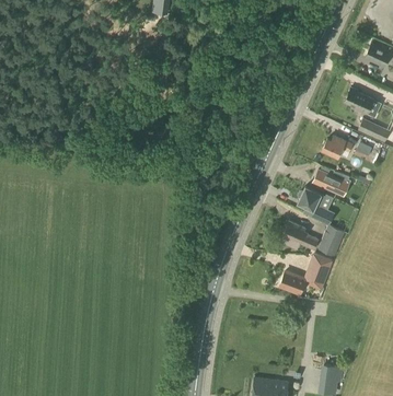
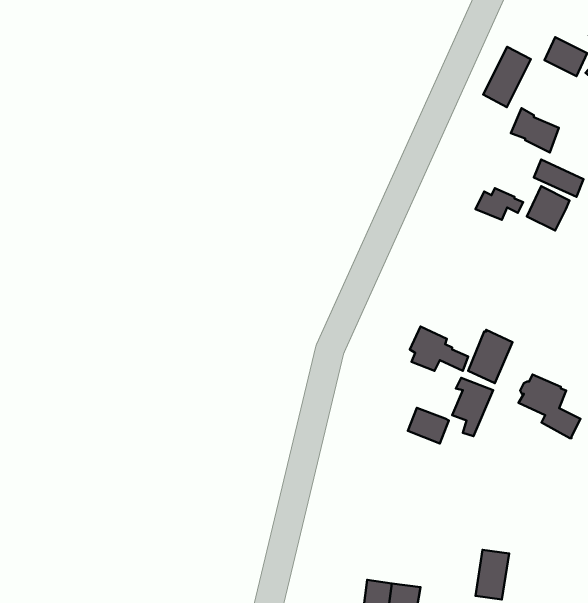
building: none -> [483,47,531,107]
building: [312,165,349,196] -> none
building: [296,185,334,224] -> [518,374,580,438]

